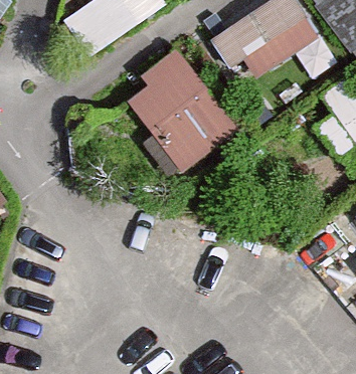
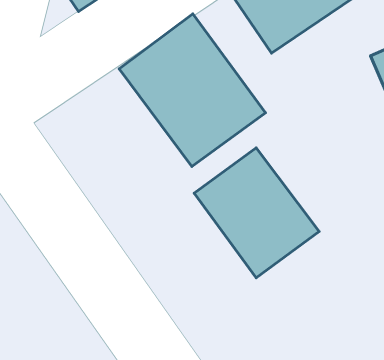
building: none -> [194,148,319,278]

